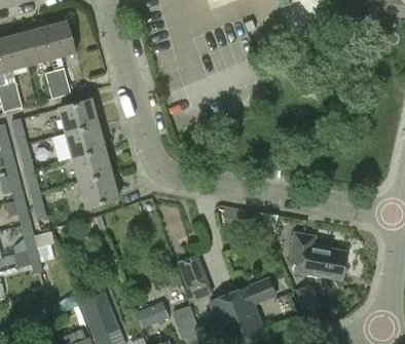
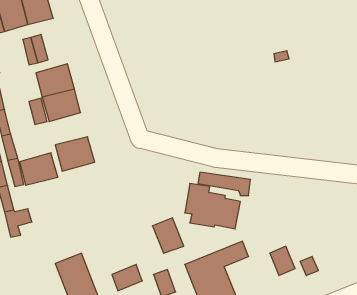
building: [72,148,111,181] -> [19,153,58,185]
building: [289,233,345,279] -> [185,183,240,229]

